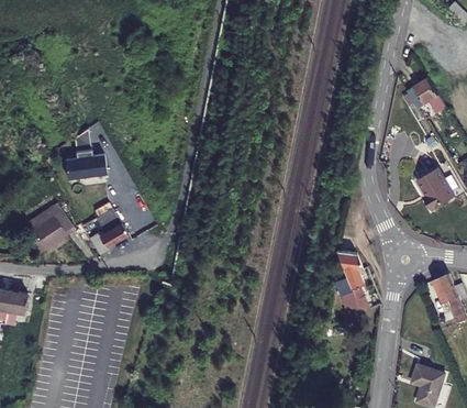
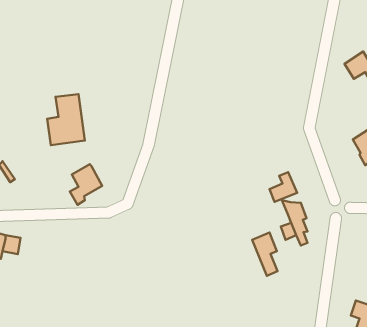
building: [24,212,75,258] -> none
building: none -> [269,172,297,202]
building: none -> [252,233,278,276]

